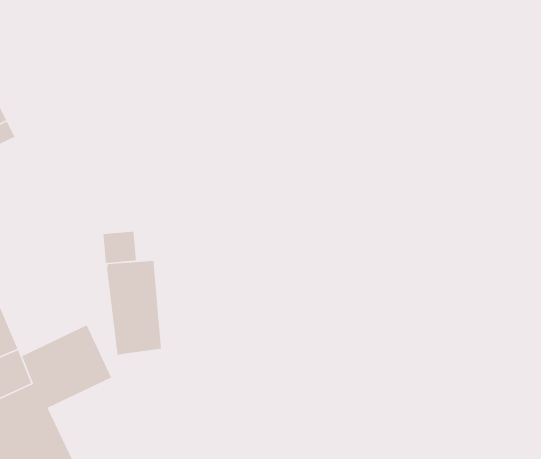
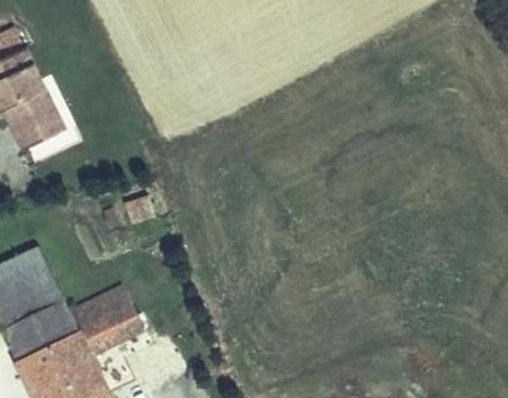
building: [106,260,162,355] -> none

